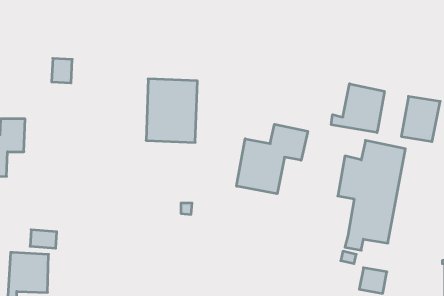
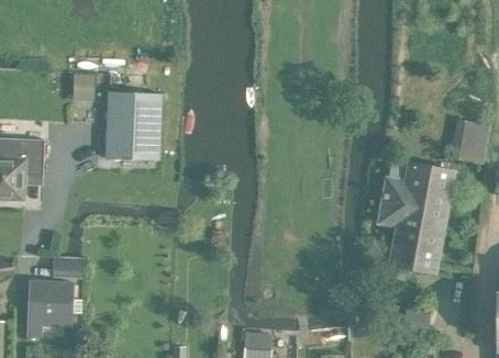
building: [146,79,197,142] -> [107,92,162,160]
building: [331,84,384,133] -> none
building: [237,124,308,194] -> none

